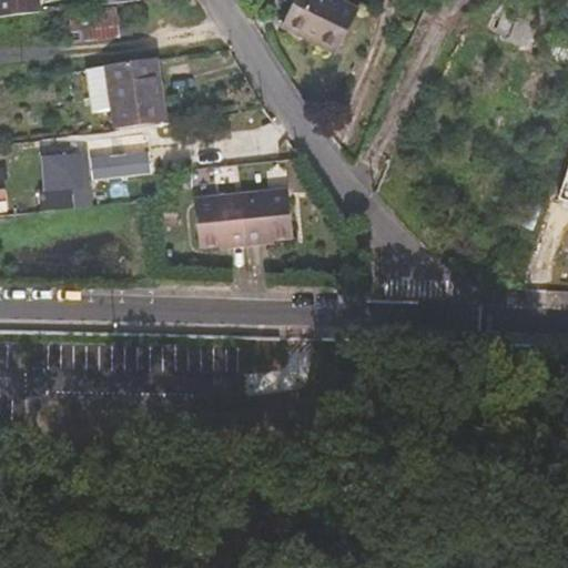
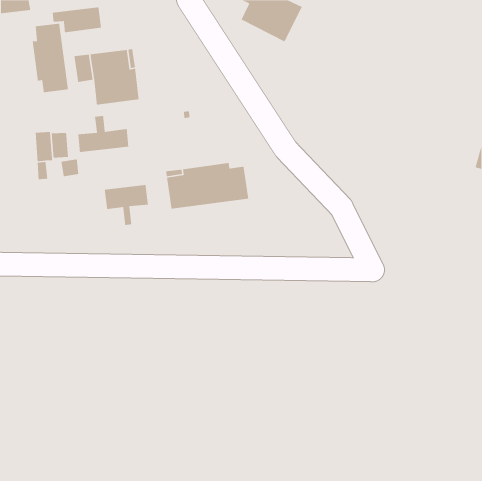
building: none -> [32,23,69,93]
building: none -> [104,184,149,226]

